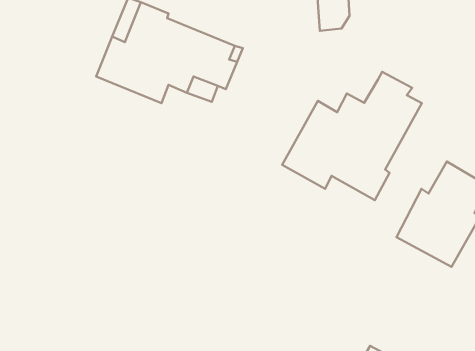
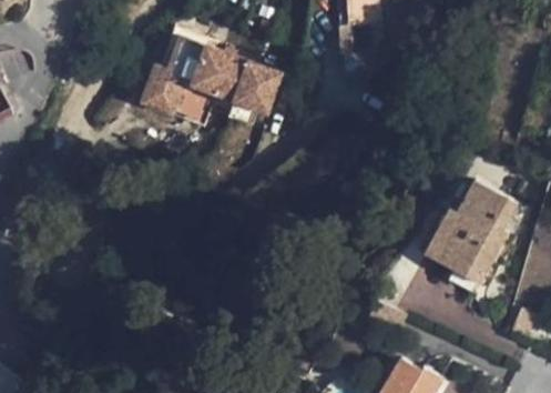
building: [282,72,422,200] -> none

